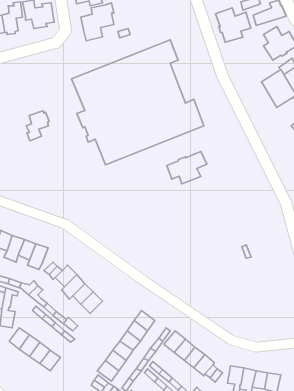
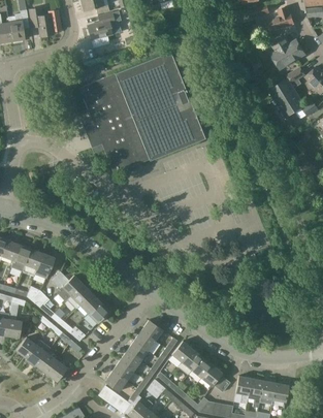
building: [216,8,251,42] -> none
building: [26,111,49,141] -> none
building: [167,151,207,184] -> none

